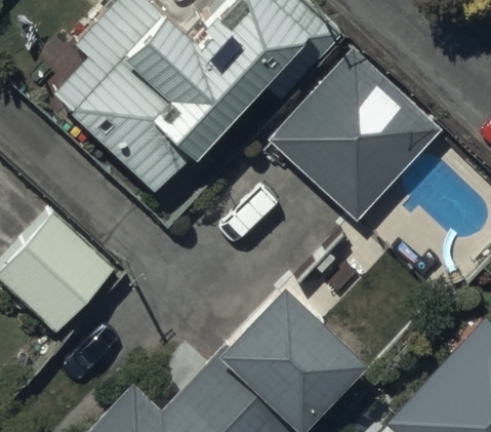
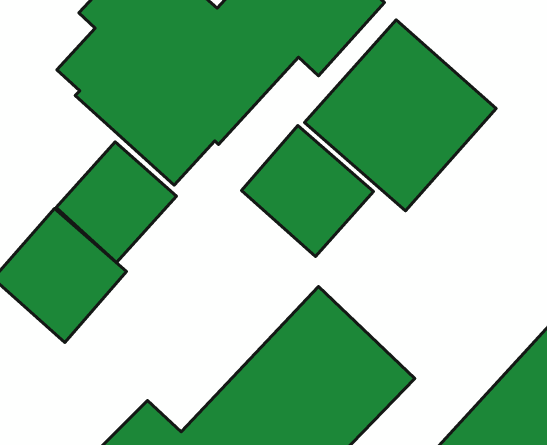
building: none -> [241,126,373,256]
building: none -> [56,142,177,262]

